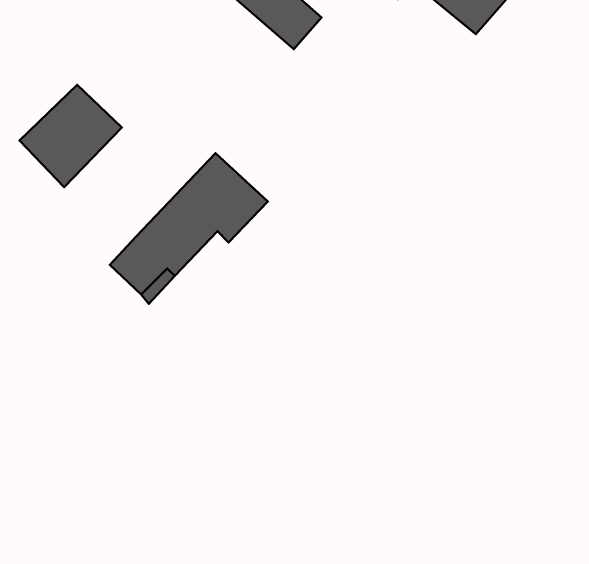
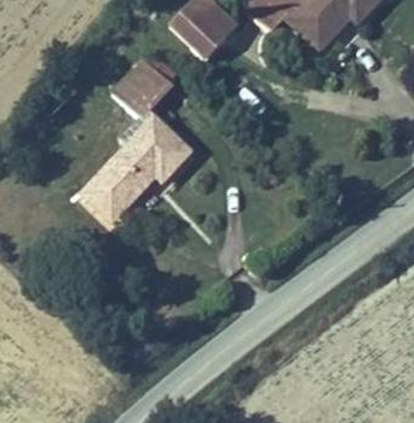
building: [19,85,122,187] -> [114,56,180,123]

